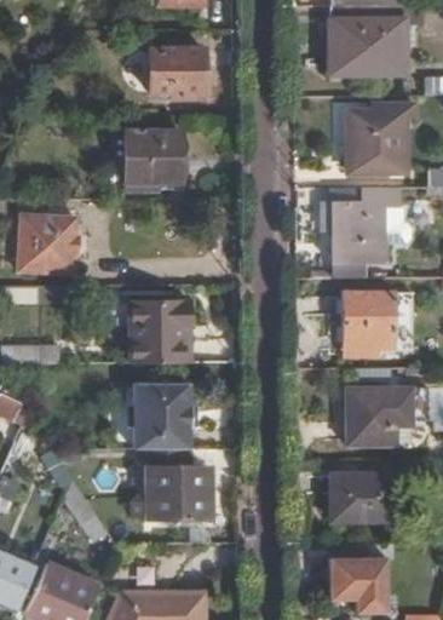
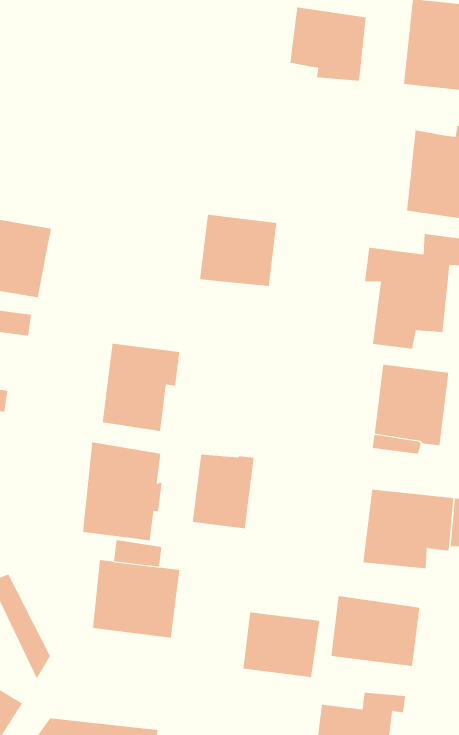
building: [149,47,205,99] -> [290,7,366,81]
building: [126,131,180,182] -> [199,214,277,287]
building: none -> [192,454,254,529]
building: none -> [243,612,320,678]

